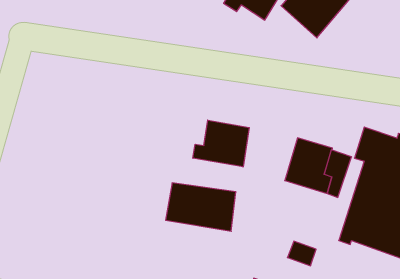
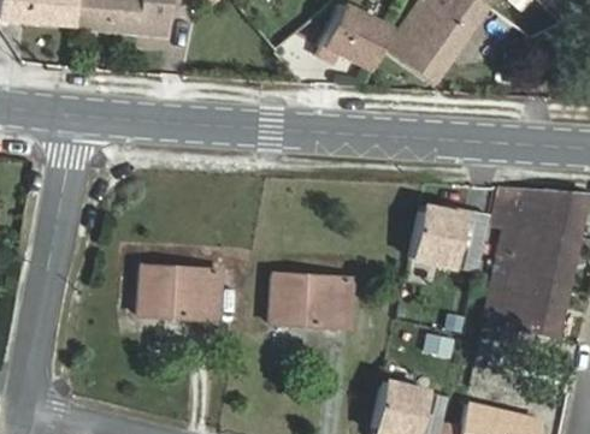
building: [193,120,249,167] -> none
building: none -> [138,266,220,319]

